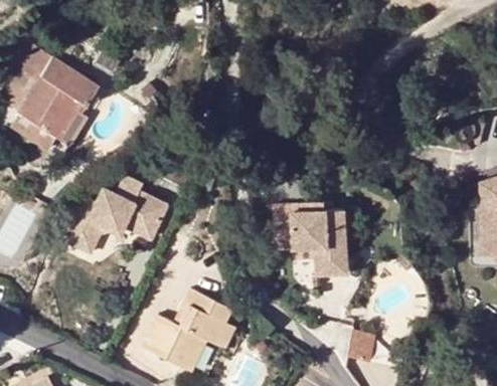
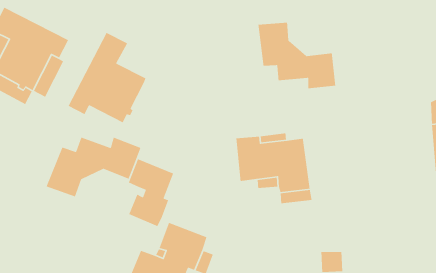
building: none -> [67,32,147,124]
building: none -> [257,22,336,89]
building: none -> [128,158,174,227]

